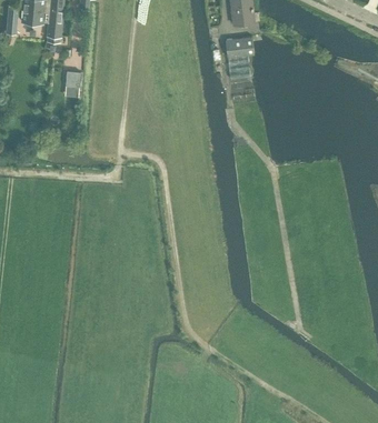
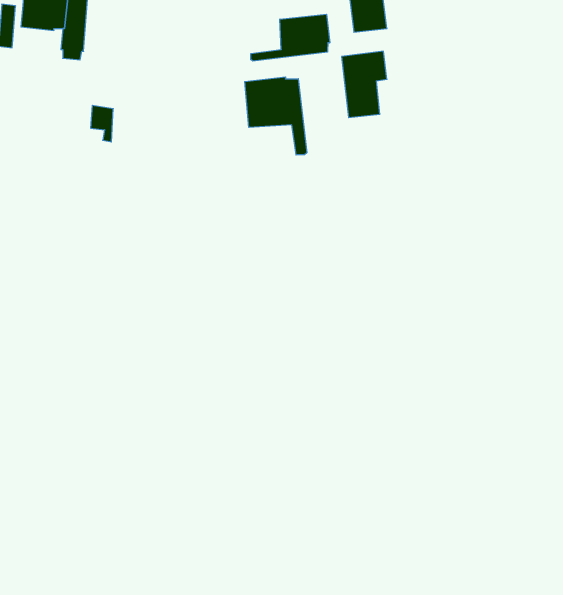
building: none -> [251,14,330,61]
building: none -> [245,77,307,155]

